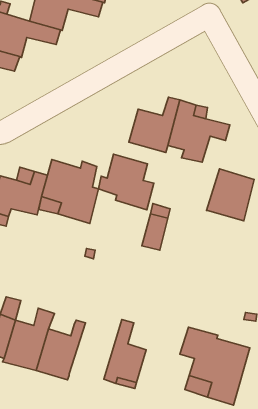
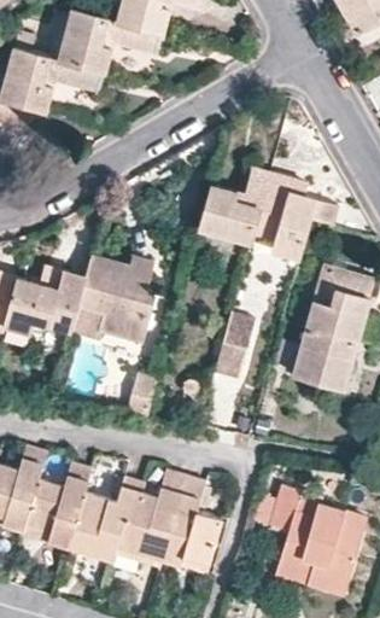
building: [99,154,154,210] -> none
building: none -> [292,325,357,389]
building: none -> [113,470,187,567]

